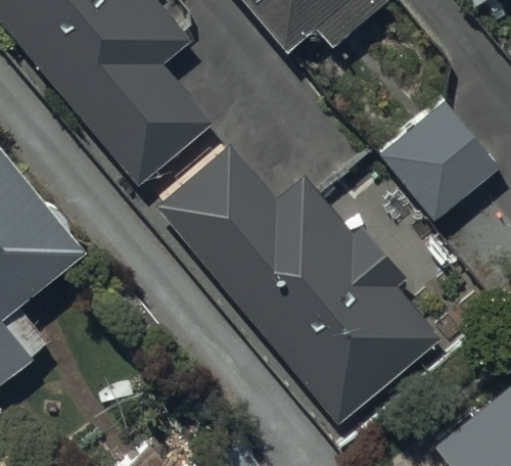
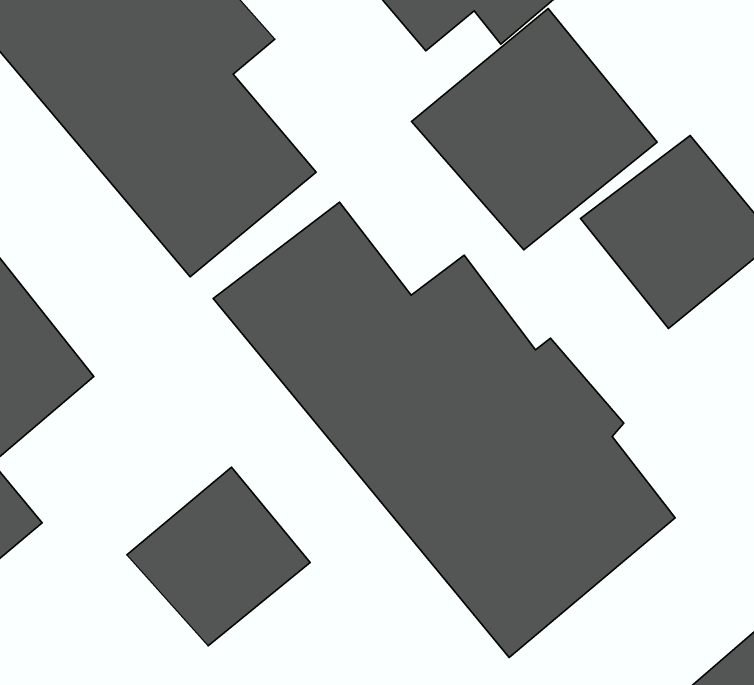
building: none -> [411,8,657,250]
building: none -> [127,467,310,646]

